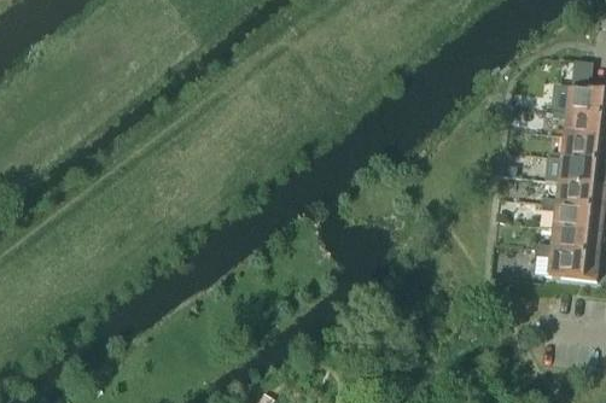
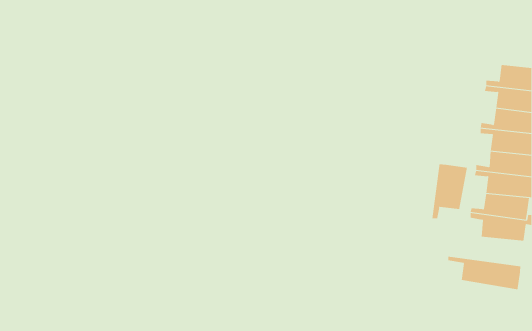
building: none -> [432,163,468,219]
building: none -> [448,256,521,290]

